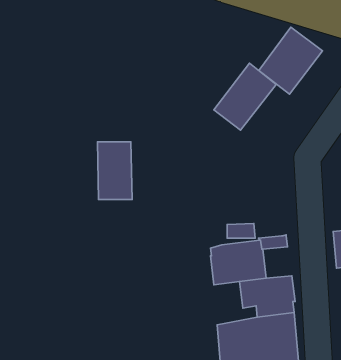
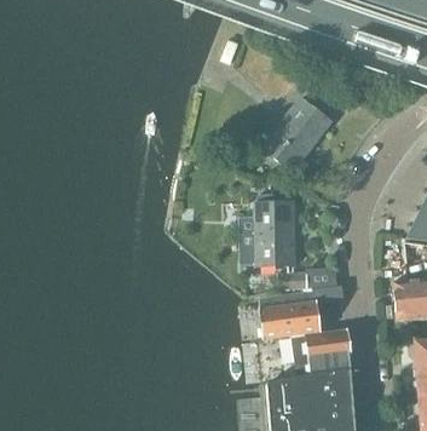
building: [259,27,323,94] -> none
building: [98,142,132,200] -> [256,202,294,265]

